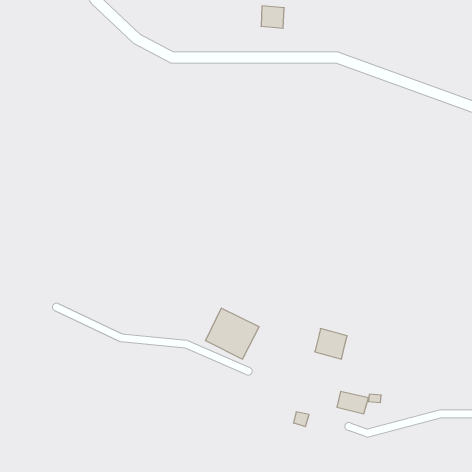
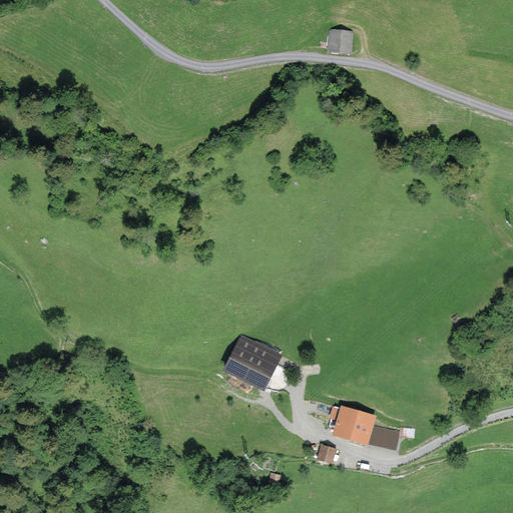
building: [261,6,284,28] -> [328,29,353,53]
building: [315,329,347,359] -> [336,408,371,441]

